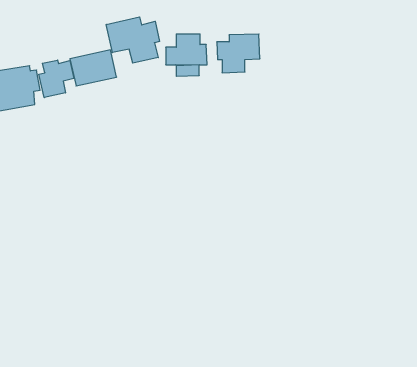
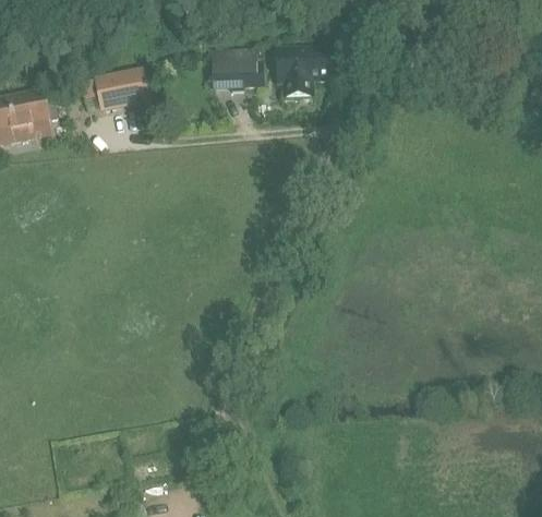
building: [106,17,159,63] -> none
building: [39,60,74,98] -> none

